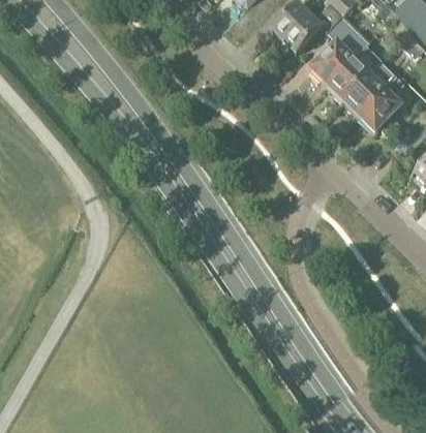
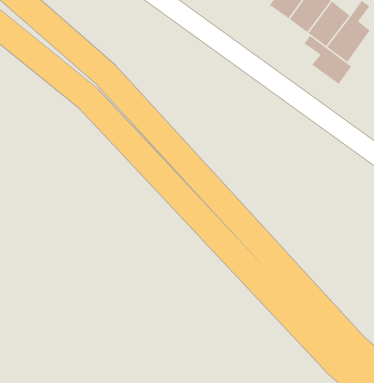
building: none -> [304,35,352,85]

